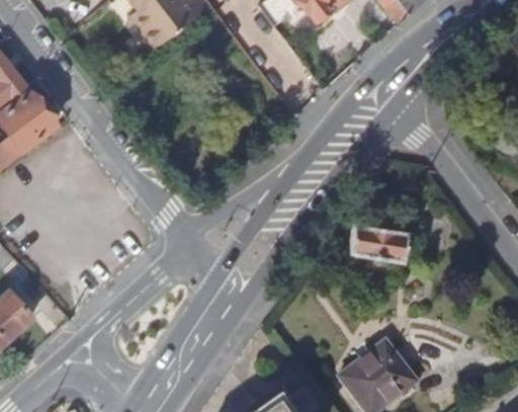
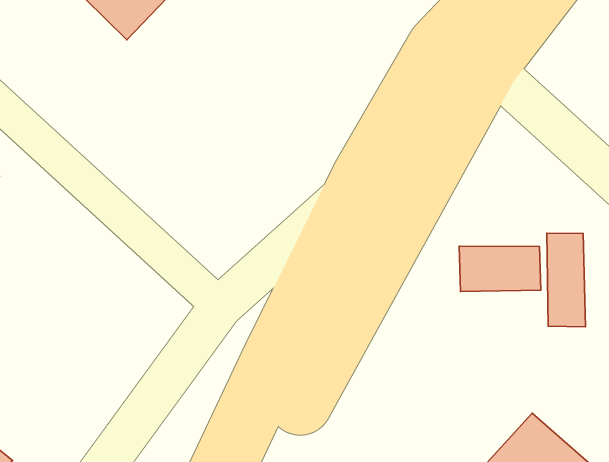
building: none -> [547,233,586,327]

